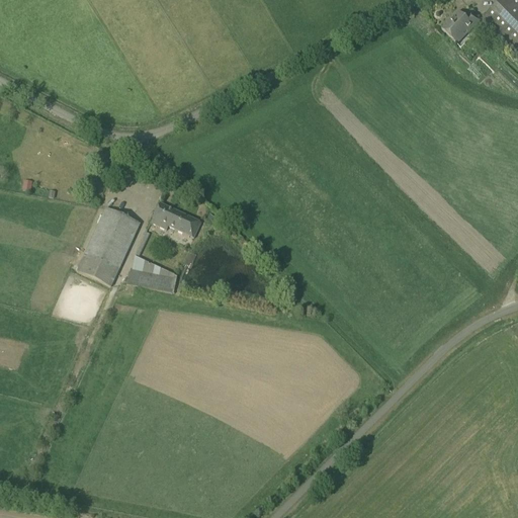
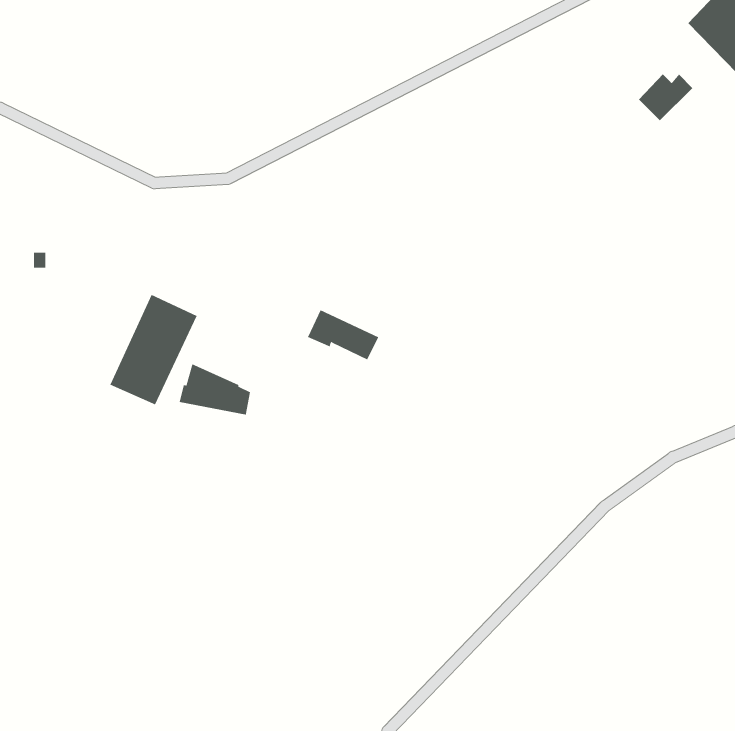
building: [442,8,481,41] -> [638,74,693,121]
building: [151,201,201,237] -> [307,310,379,360]

